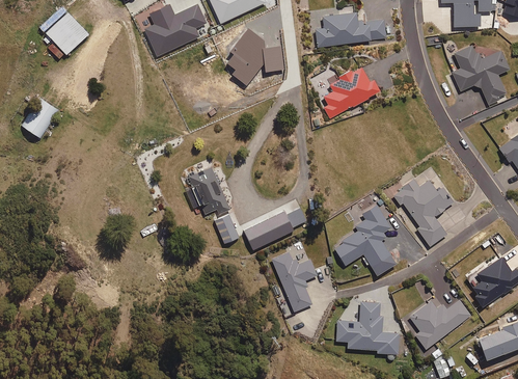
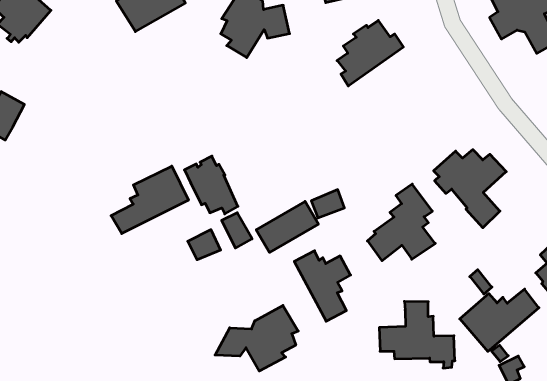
building: none -> [111,166,188,234]
building: none -> [188,230,221,260]
building: none -> [215,305,298,371]

